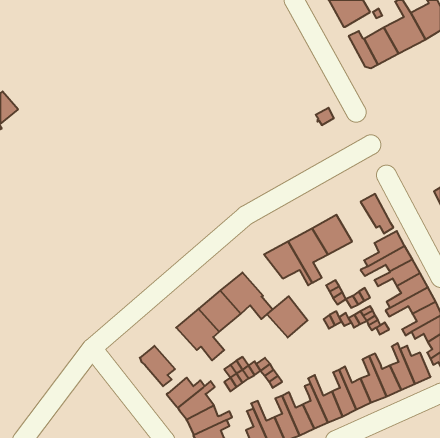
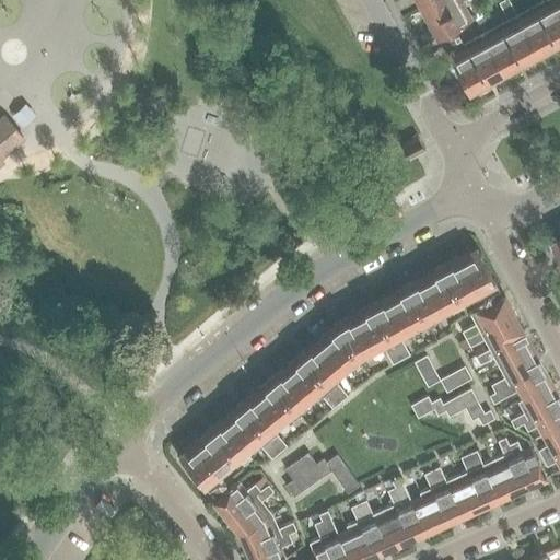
building: none -> [428,259,478,310]
building: [267,296,308,338] -> [308,326,360,378]
building: none -> [197,419,250,471]

